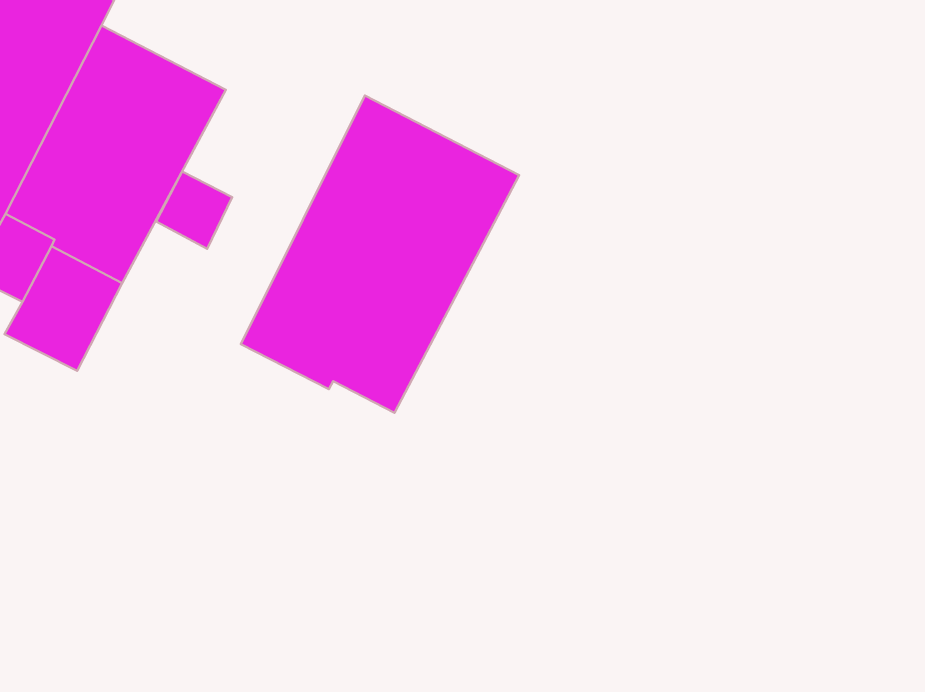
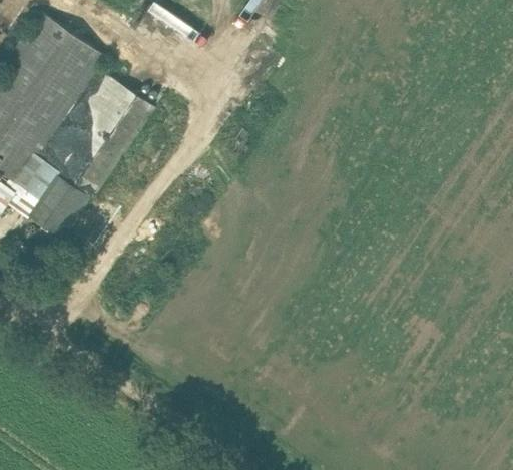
building: [241,95,519,413] -> none
building: [156,171,232,249] -> none

